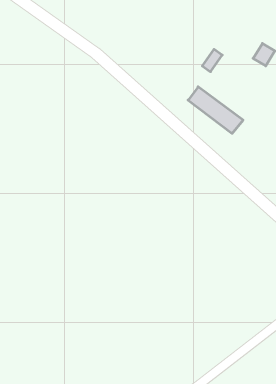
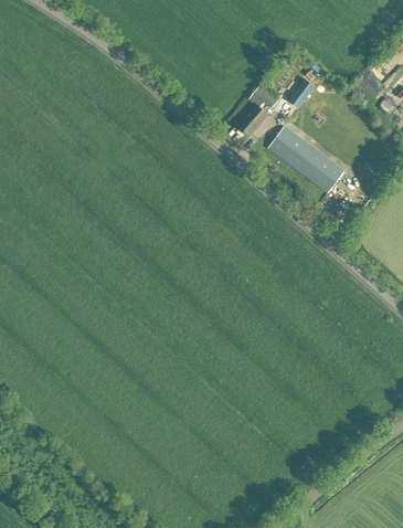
building: none -> [236,85,277,134]

